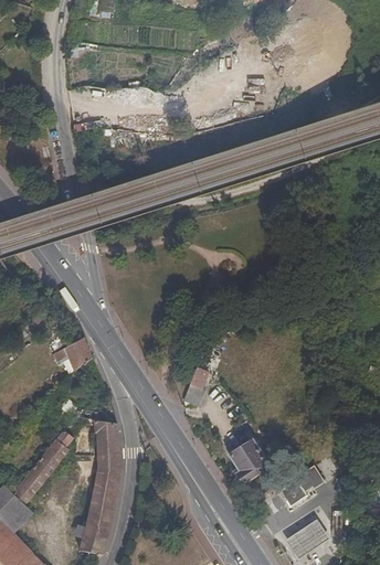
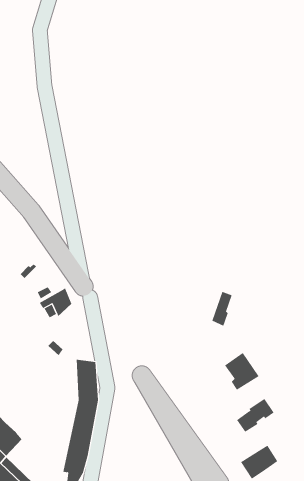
building: [184,366,209,407] -> [211,291,232,327]
building: [13,429,75,505] -> none
building: [230,440,271,484] -> [224,352,260,390]

